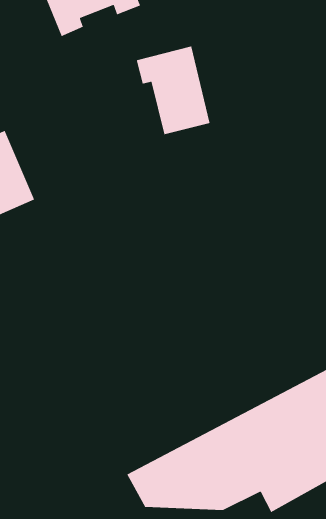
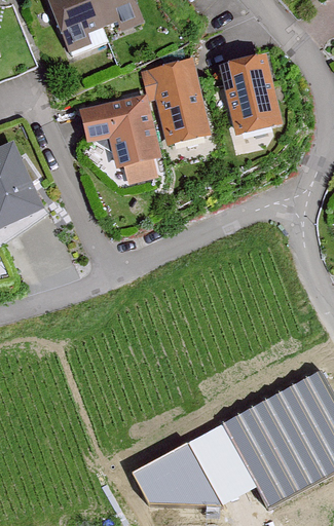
building: none -> [220,57,283,136]
building: none -> [79,95,160,171]

